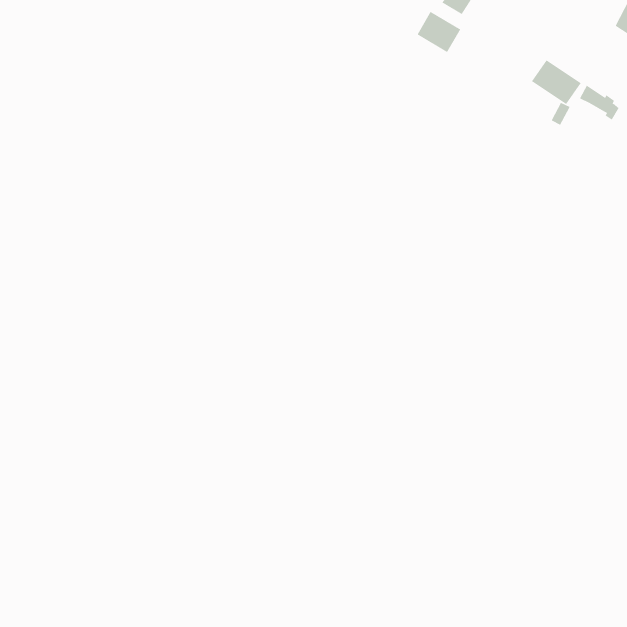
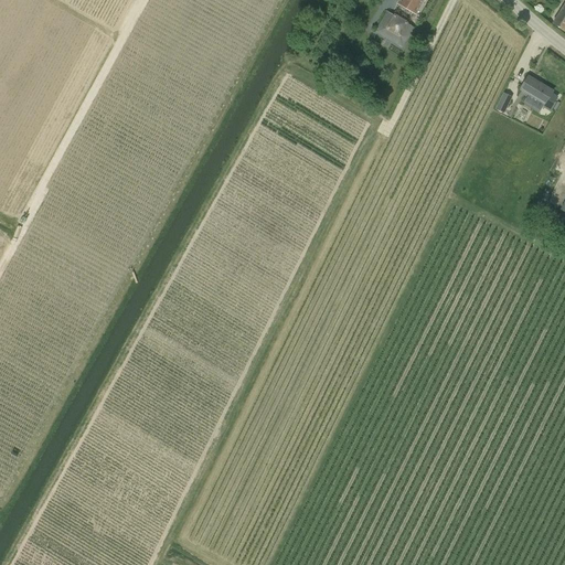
building: [531,60,581,105] -> none

